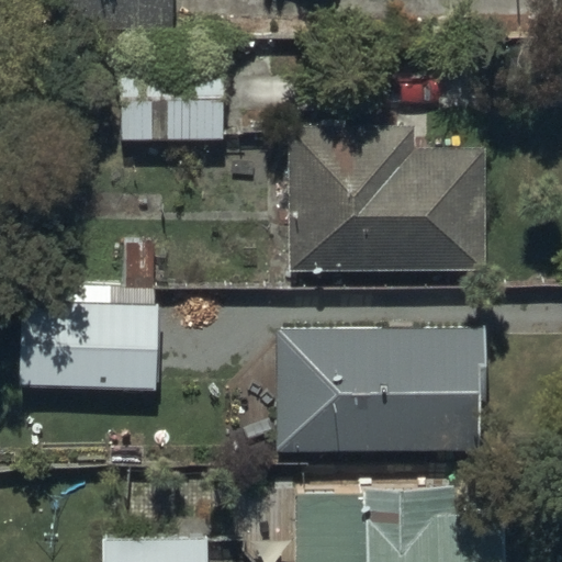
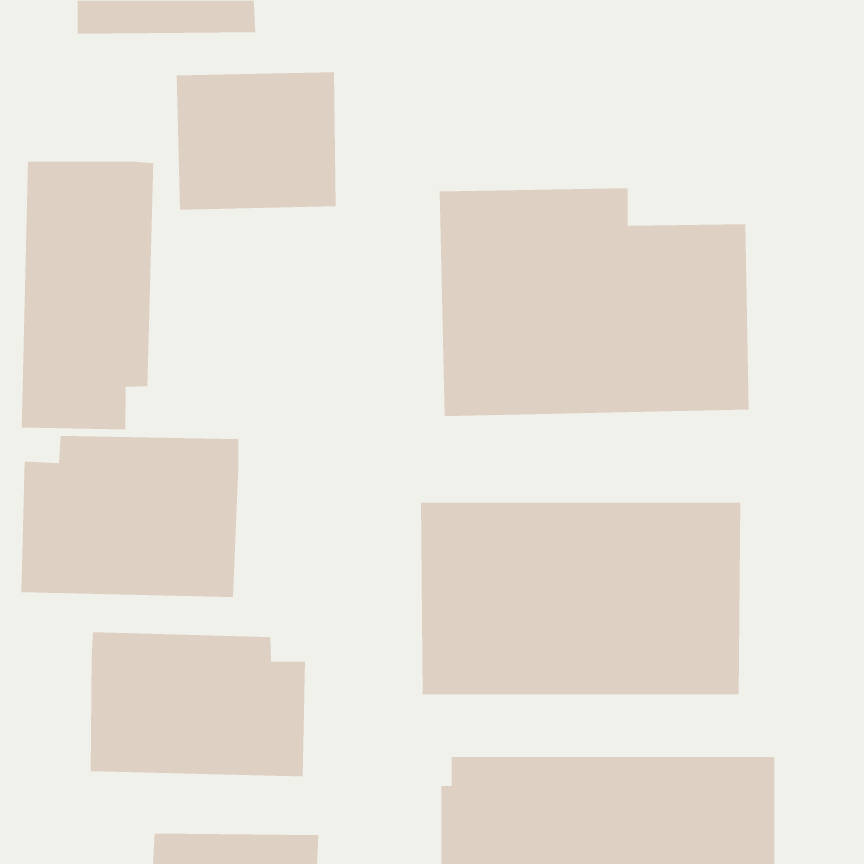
building: none -> [21,161,154,430]
building: none -> [90,631,306,777]

